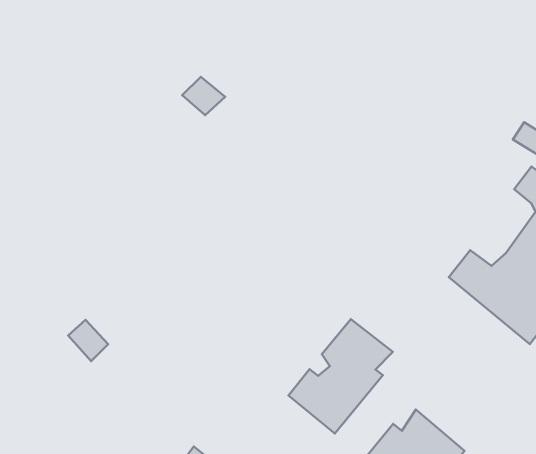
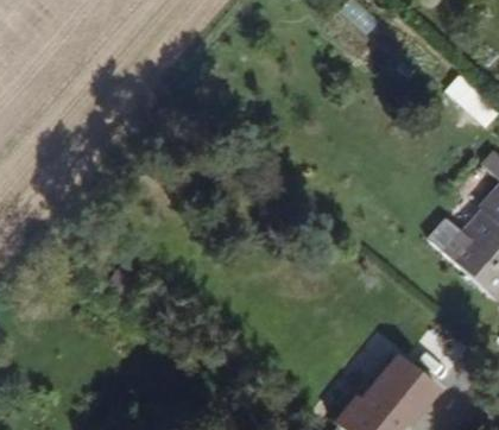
building: [288,319,393,433] -> none

